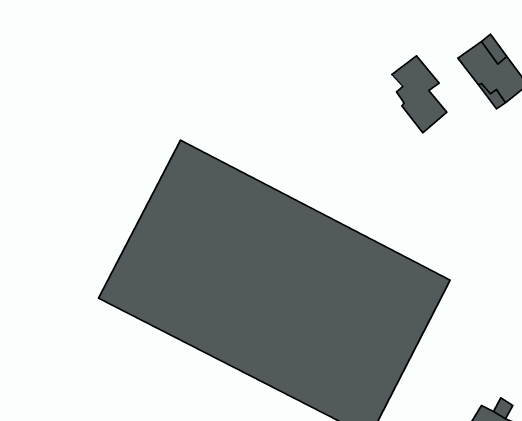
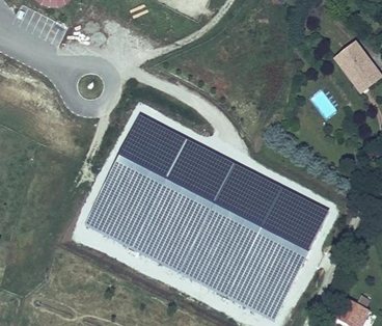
building: [392,56,447,133] -> none

